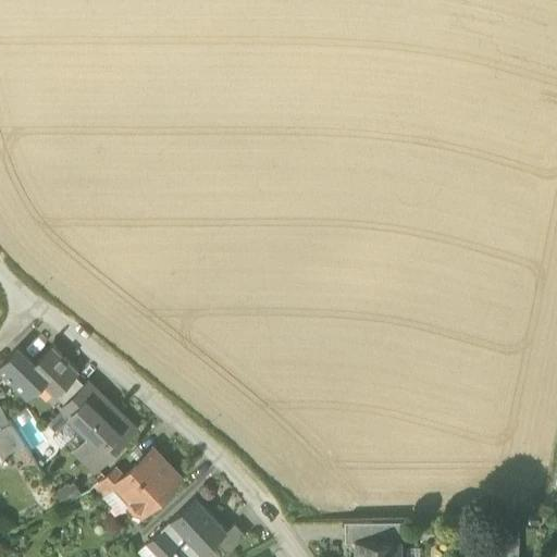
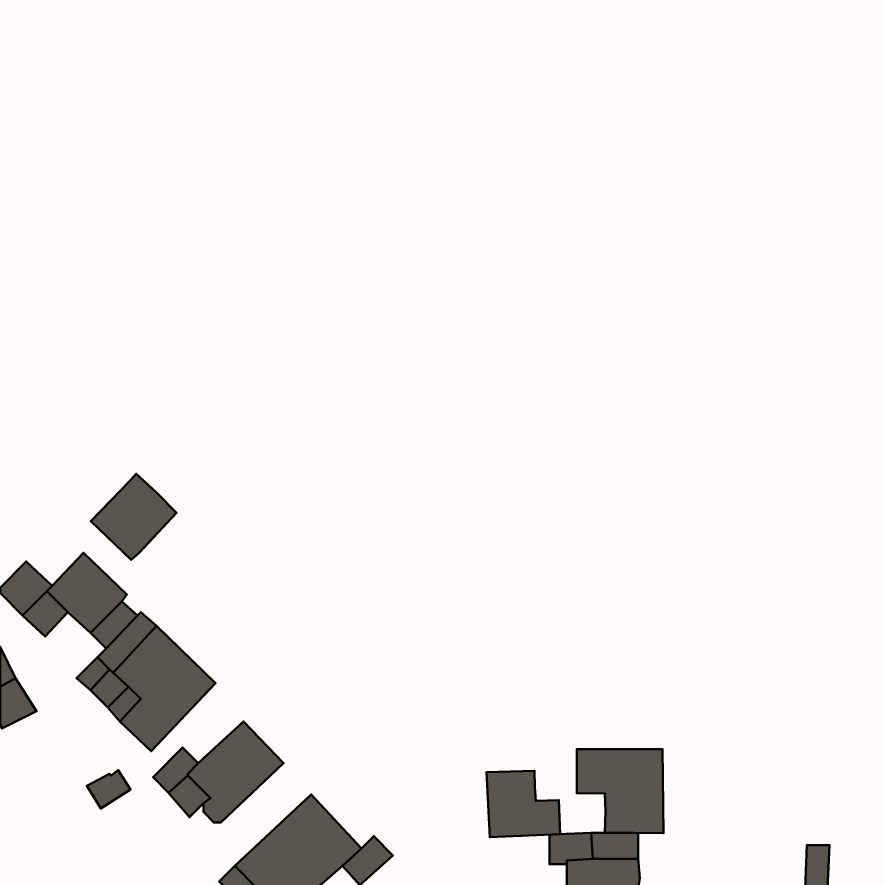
building: none -> [91,474,177,560]
building: none -> [577,749,663,833]
building: none -> [487,771,560,837]

